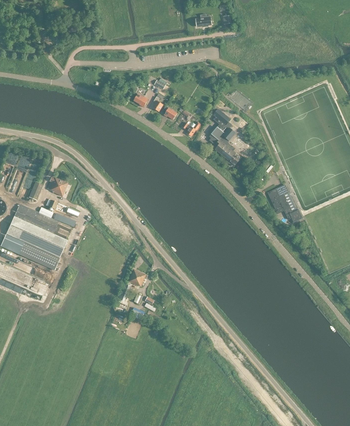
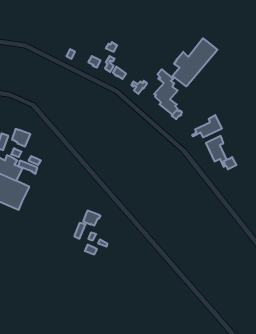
building: none -> [172,38,217,86]
building: none -> [192,115,222,137]

